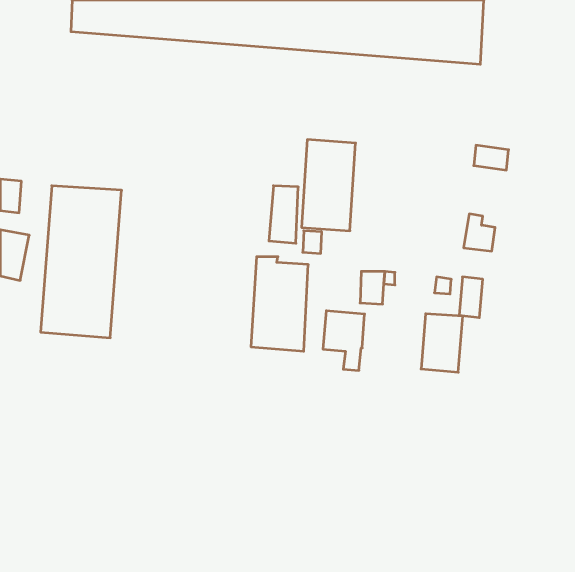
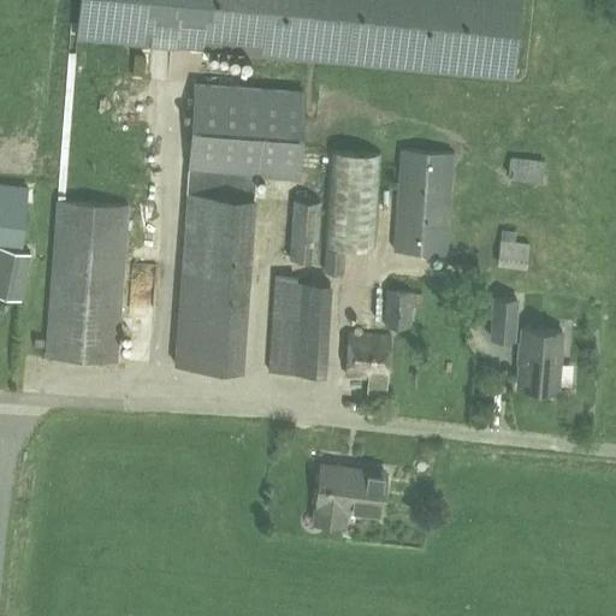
building: none -> [176,87,306,372]
building: none -> [392,150,454,257]
building: [421,314,463,372] -> [517,330,562,392]
building: none -> [314,467,385,528]

